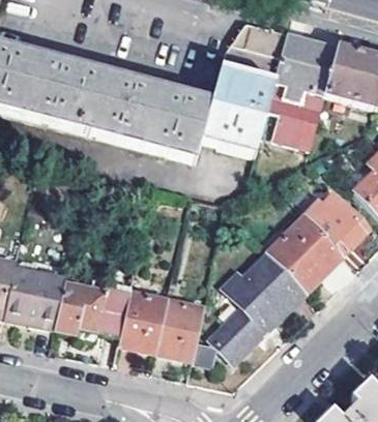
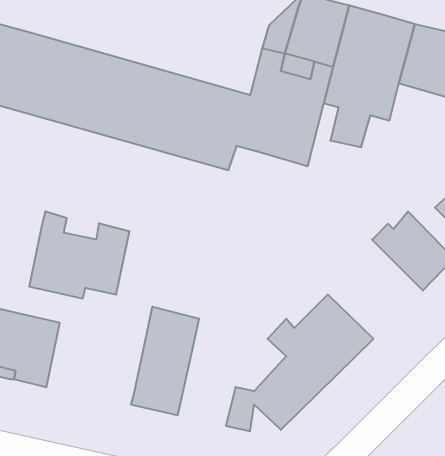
building: [266,215,343,292] -> none
building: [52,271,129,338] -> [29,211,130,298]
building: [153,300,202,359] -> none

